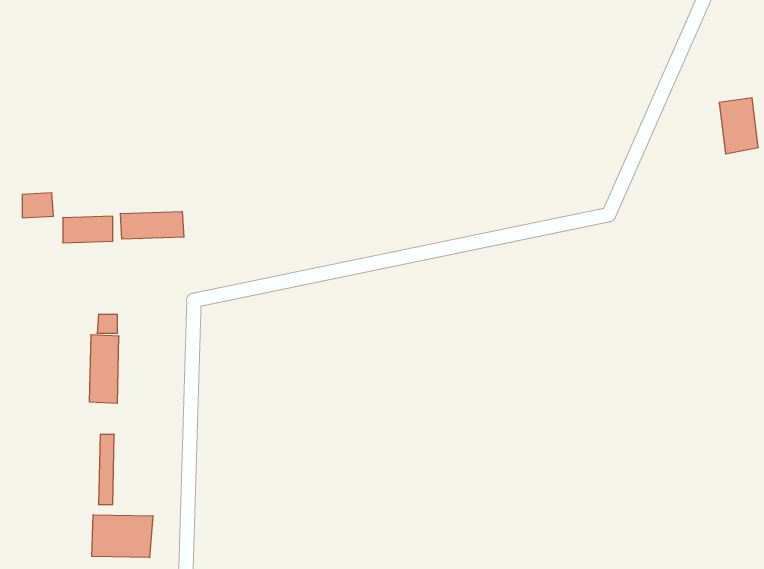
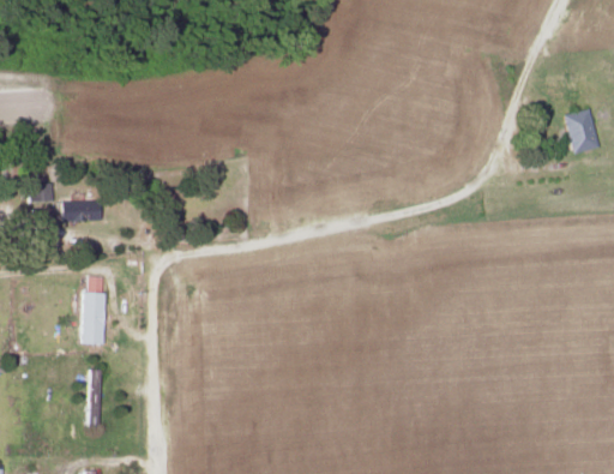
building: [120,211,184,239] -> none
building: [92,515,153,558] -> none

